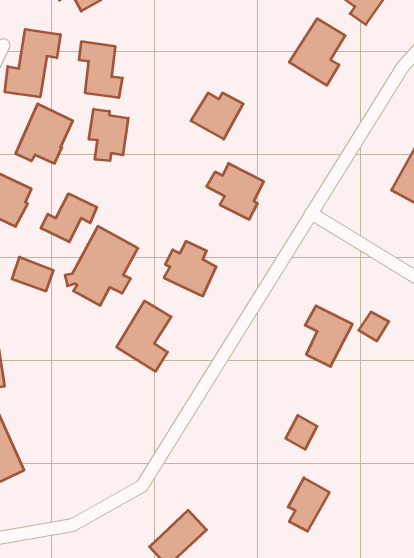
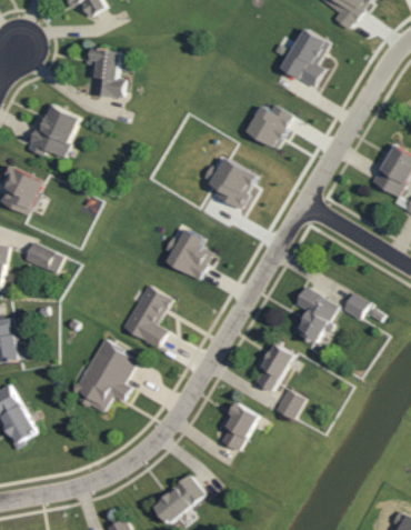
building: [5,29,60,97] -> none
building: [191,93,243,139] -> [244,106,292,148]
building: [89,109,128,161] -> none
building: [41,194,97,242] -> none
building: [65,226,138,305] -> [70,339,137,411]
building: none -> [254,340,293,391]
building: [288,478,329,531] -> [219,402,257,451]

